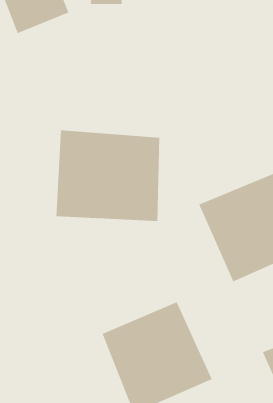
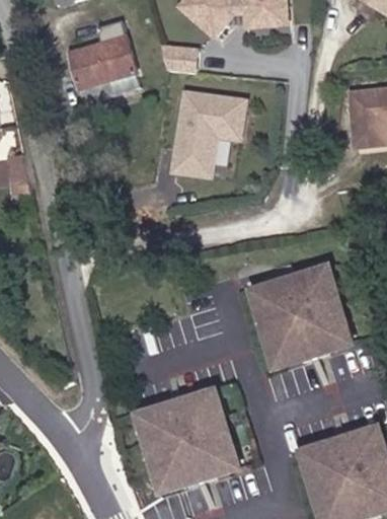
building: none -> [163,86,243,178]
building: [56,130,160,222] -> none

